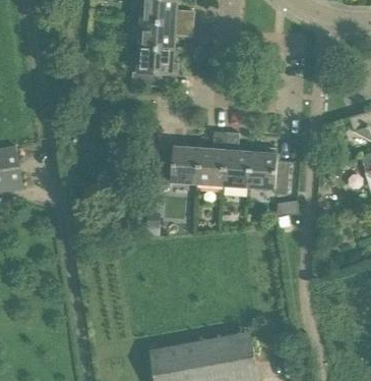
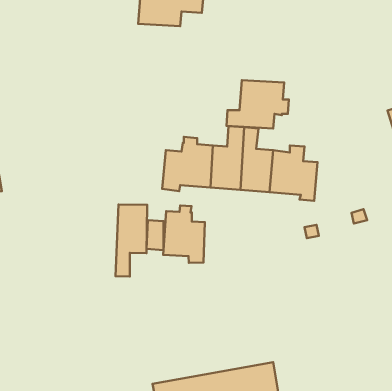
building: [125,45,178,86] -> [226,80,289,128]
building: none -> [116,205,147,276]
building: none -> [163,206,205,263]

